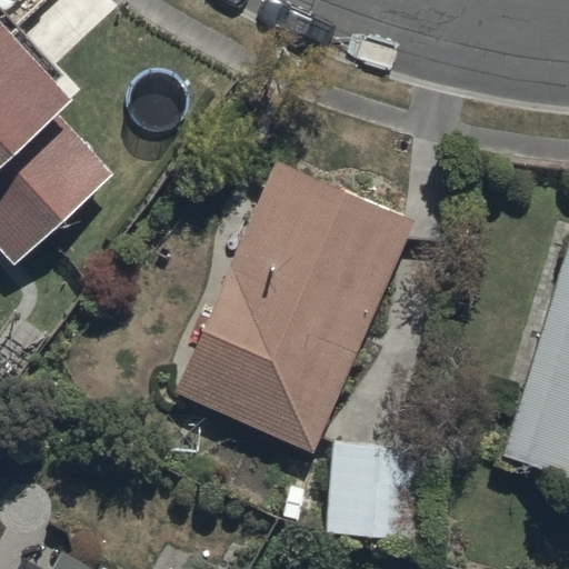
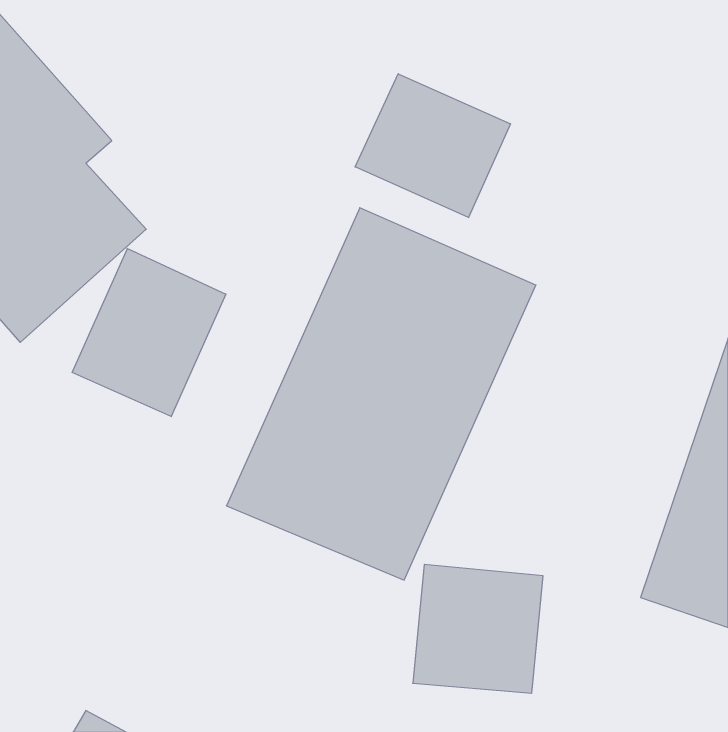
building: none -> [355,74,510,218]
building: none -> [72,248,226,417]

